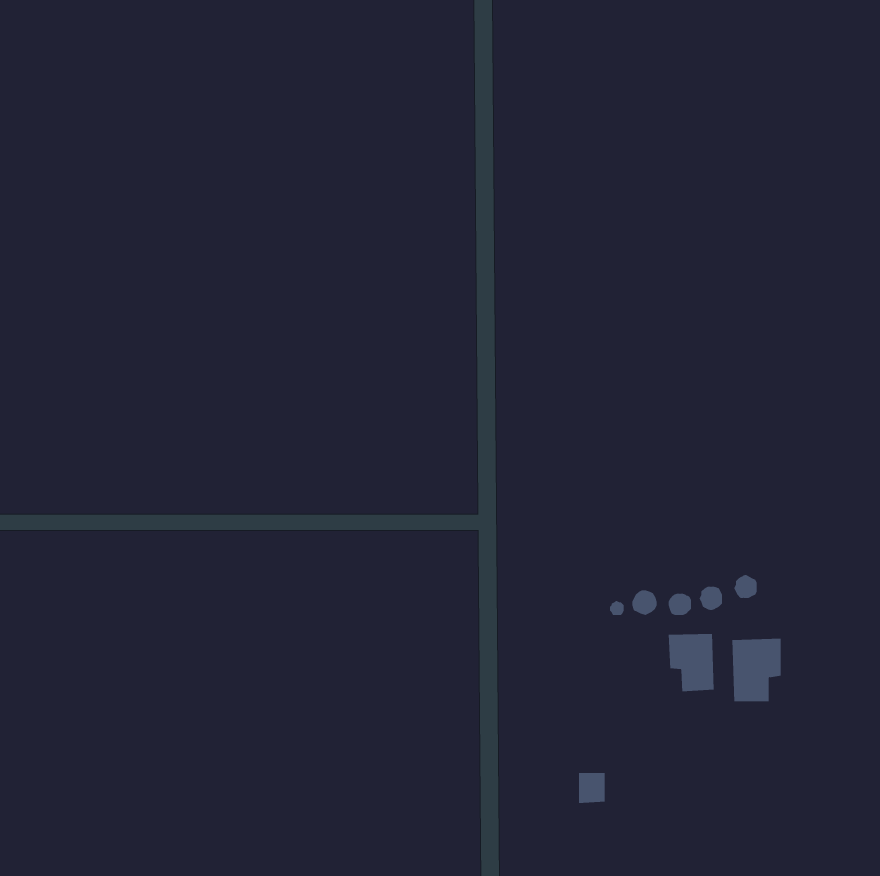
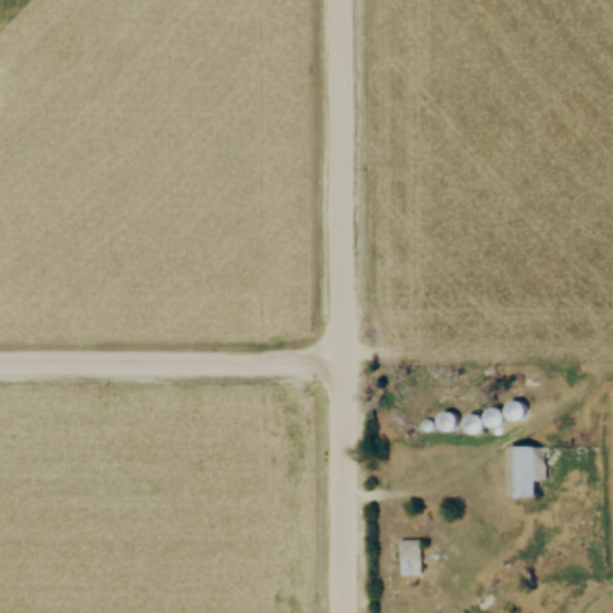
building: [668,633,714,692] -> none

